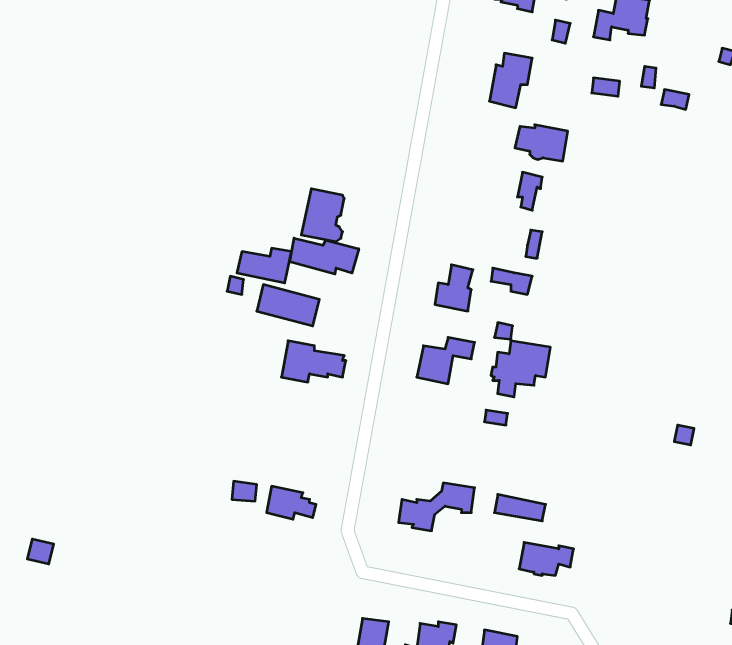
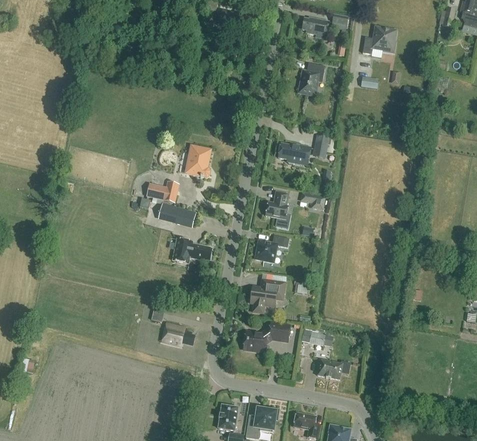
building: [515,125,568,161] -> [278,143,310,165]
building: [290,238,359,274] -> none
building: [491,341,550,397] -> [249,279,285,313]

